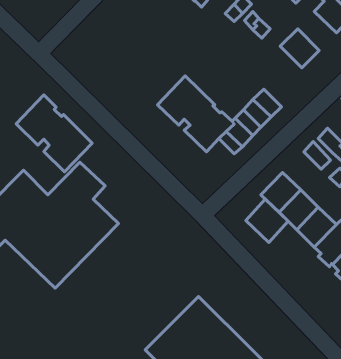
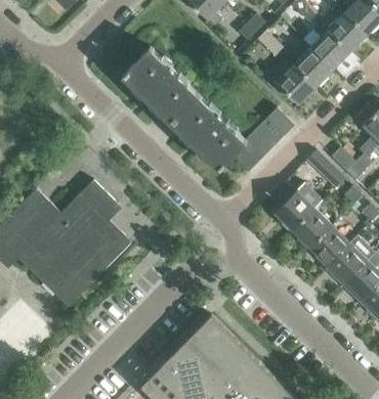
building: none -> [310,31,349,70]
building: none -> [276,65,314,104]
building: [16,95,92,172] -> [122,47,198,124]
building: [246,199,288,242] -> none

